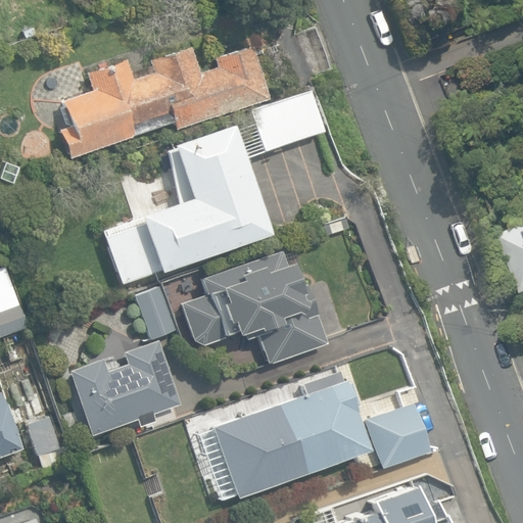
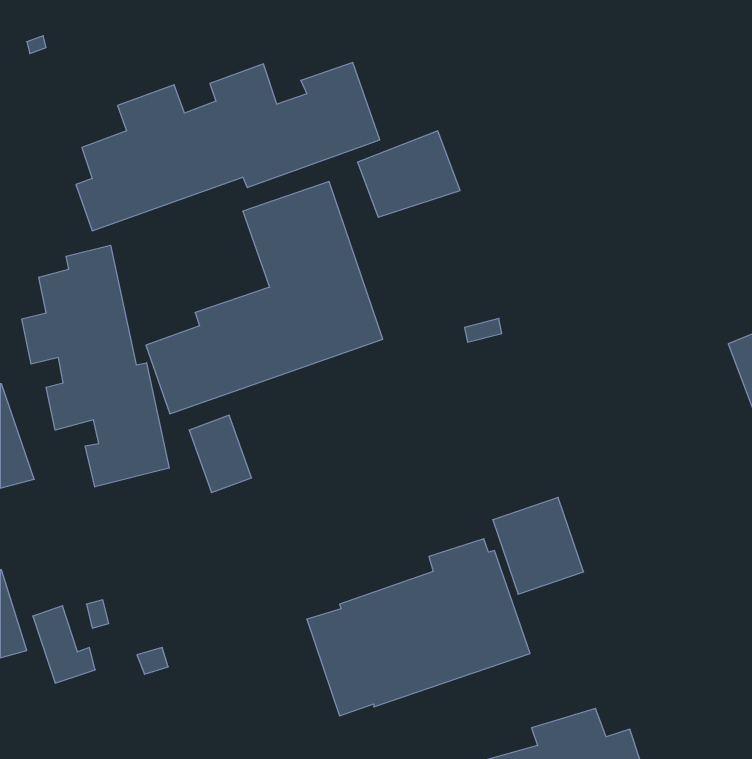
building: none -> [22,245,169,487]
building: [183,251,327,364] -> none
building: [70,341,179,436] -> none
building: [365,402,427,469] -> [493,497,584,594]

